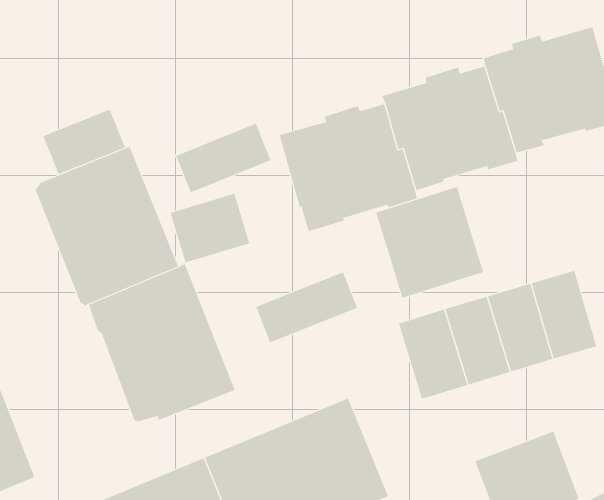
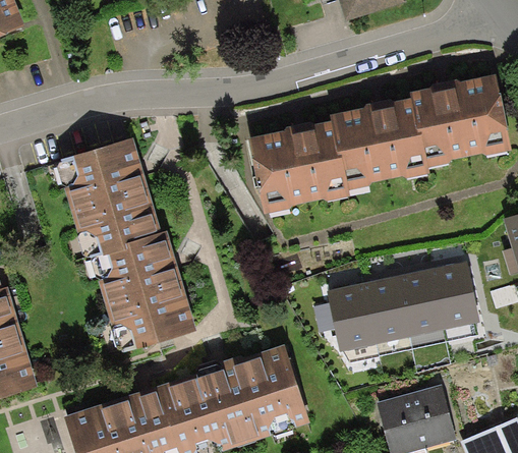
building: [43,109,126,175] -> none
building: [175,123,271,193] -> none
building: [375,186,484,298] -> none
building: [170,193,250,263] -> none
building: [255,272,358,343] -> none

